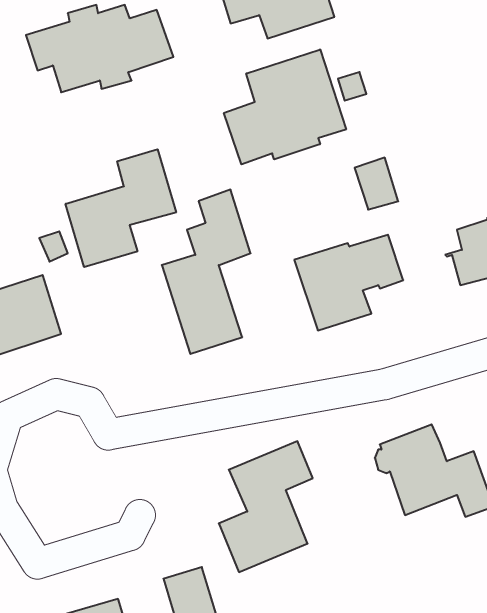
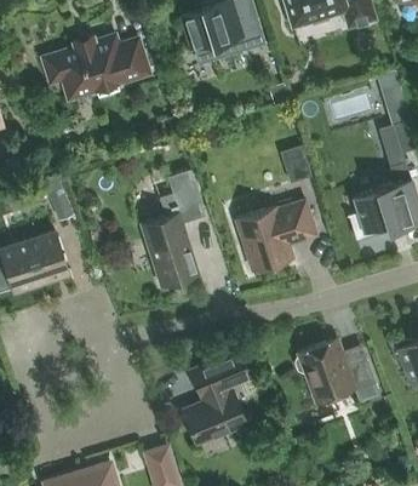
building: [224,49,346,164] -> none
building: [66,149,176,267] -> none

